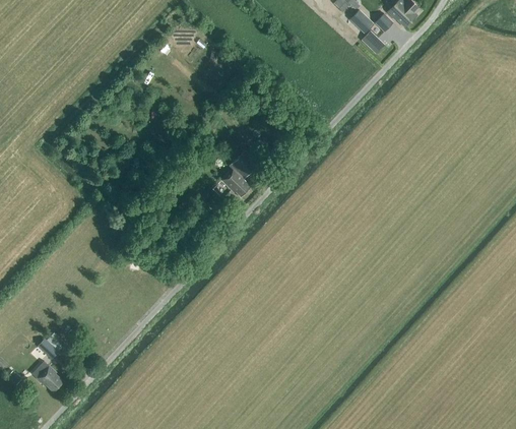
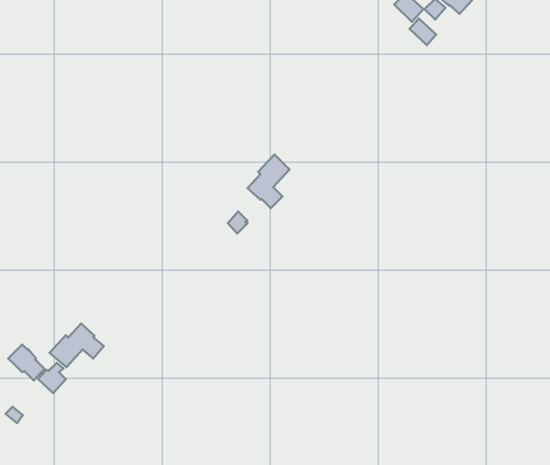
building: none -> [50,324,104,367]
building: [33,361,64,392] -> [8,344,44,380]

